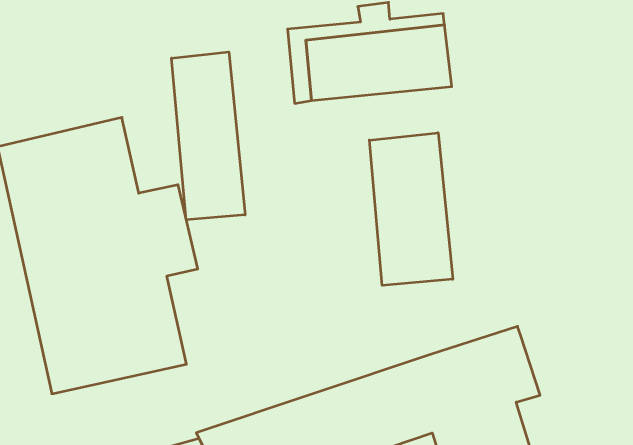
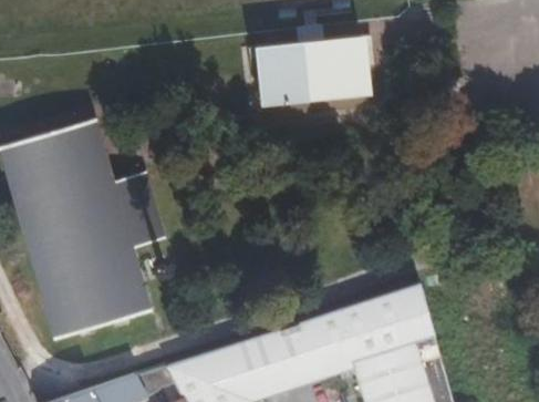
building: [172,52,245,220] -> none
building: [369,133,453,285] -> none

